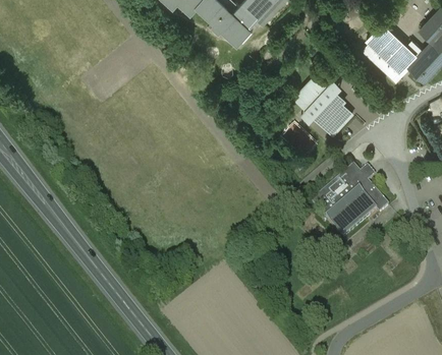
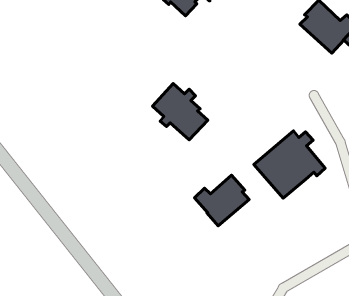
building: [293,75,353,136] -> [153,84,208,140]
building: none -> [194,175,249,226]

